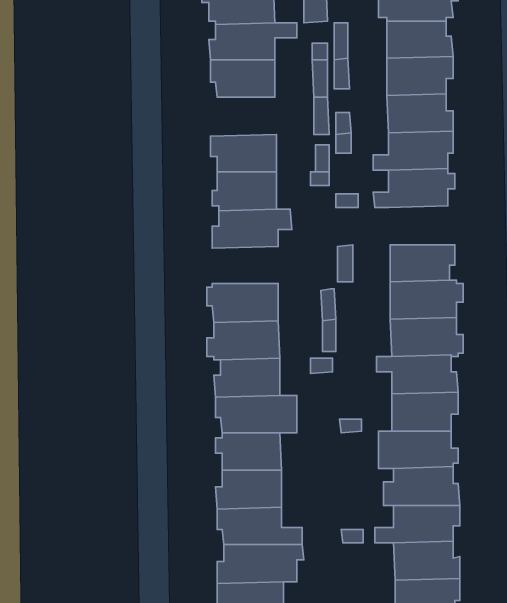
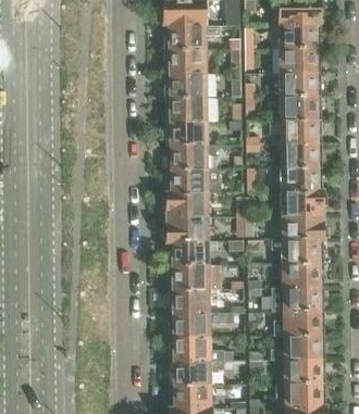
building: none -> [165,75,208,100]
building: none -> [280,145,322,170]
building: none -> [166,171,221,195]

